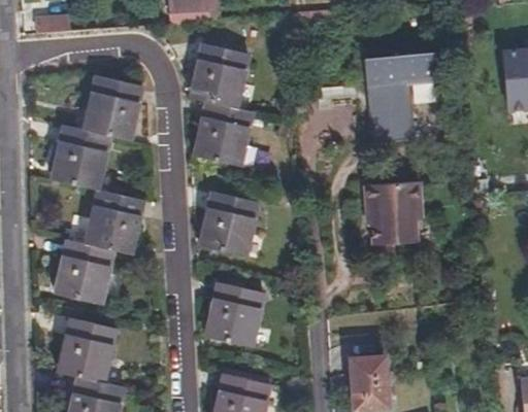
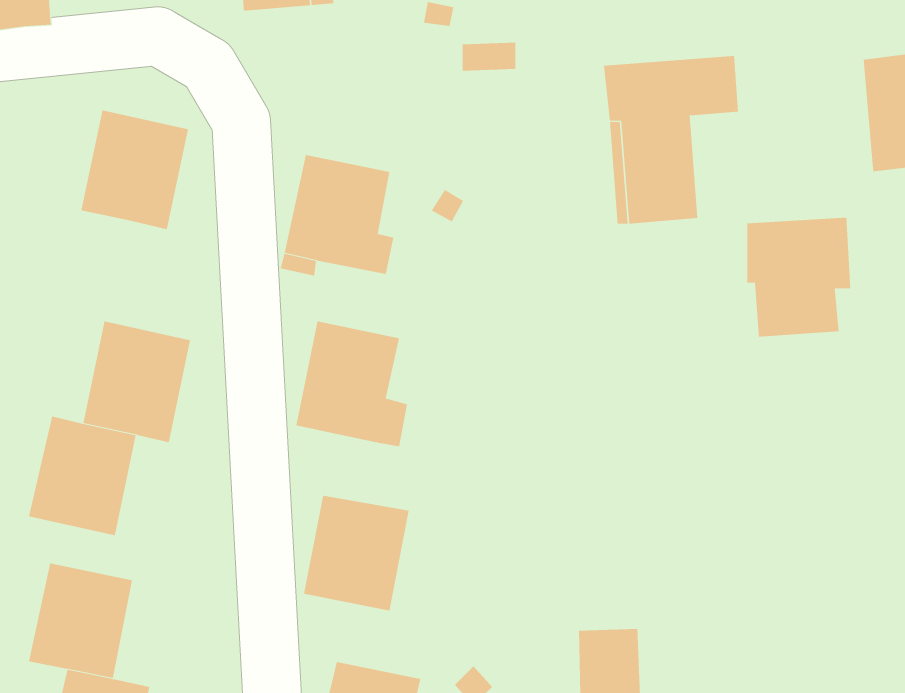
building: [191,46,248,108] -> none
building: [53,128,111,191] -> none
building: [364,176,420,240] -> [746,217,851,337]

